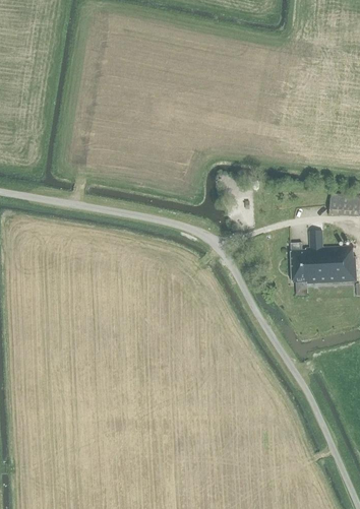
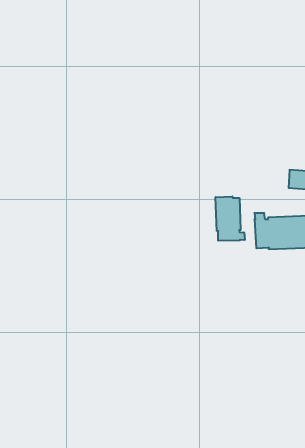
building: none -> [216,196,245,241]

